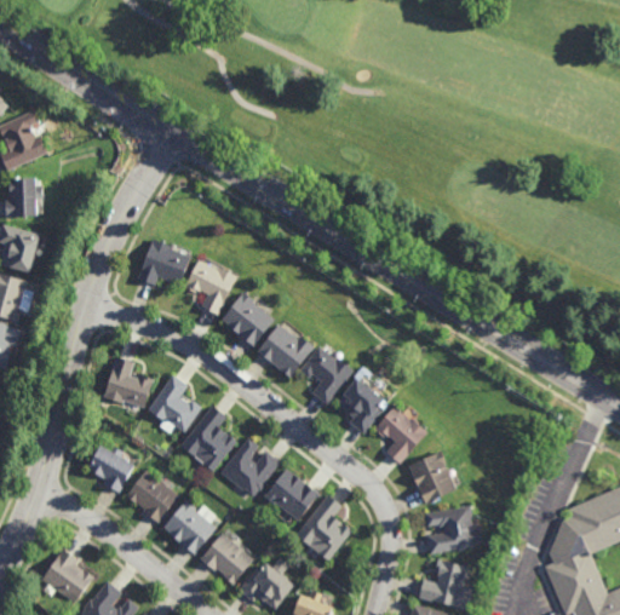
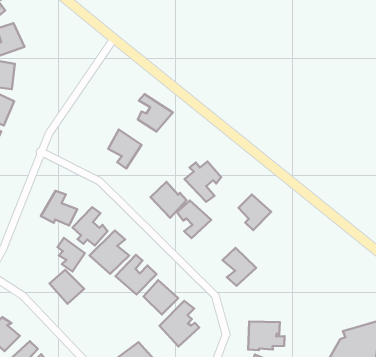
building: none -> [138,94,173,131]
building: [139,241,191,284] -> none
building: none -> [185,162,221,202]
building: [222,293,274,344] -> none
building: [338,380,386,432] -> [239,195,271,230]
building: [92,446,133,493] -> [58,238,85,271]
building: [408,452,457,504] -> none
building: [162,500,218,556] -> none
building: [202,534,253,584] -> none

